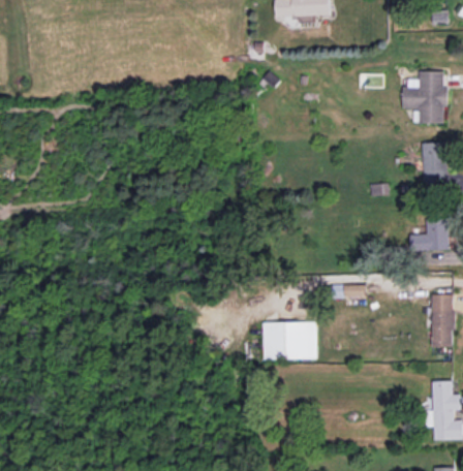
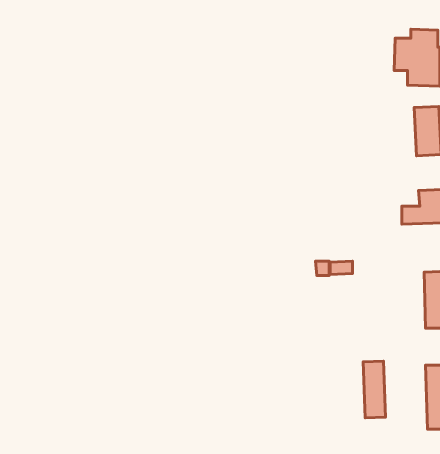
building: [263,322,317,359] -> none
building: none -> [363,361,385,418]

